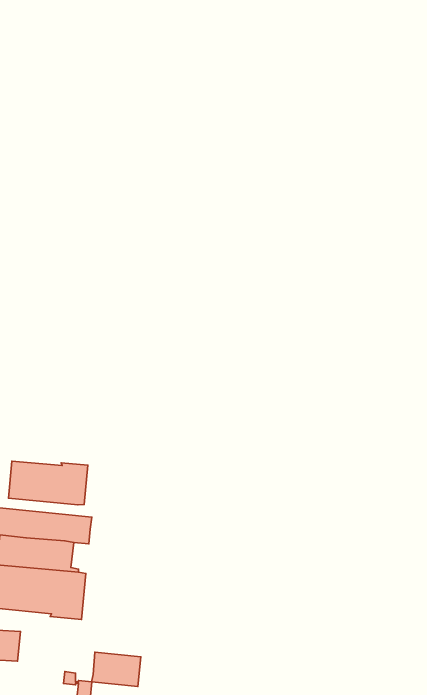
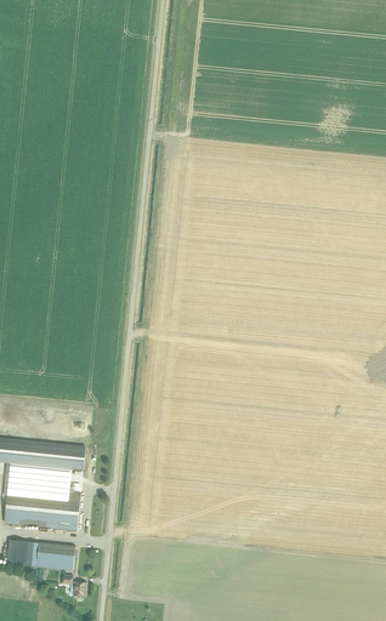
building: [9,461,88,505] -> none
building: [92,652,141,686] -> [35,542,75,570]

